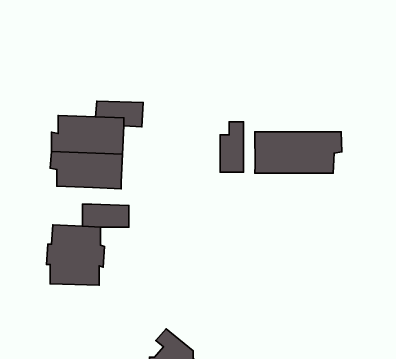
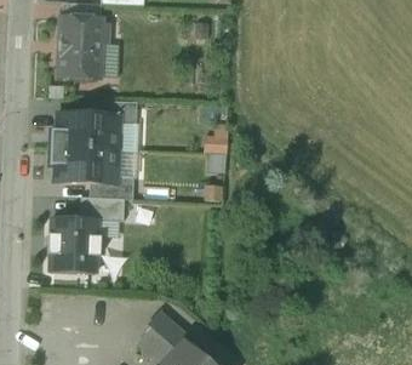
building: none -> [59,17,108,76]
building: [255,132,342,173] -> none
building: none -> [90,176,135,198]

